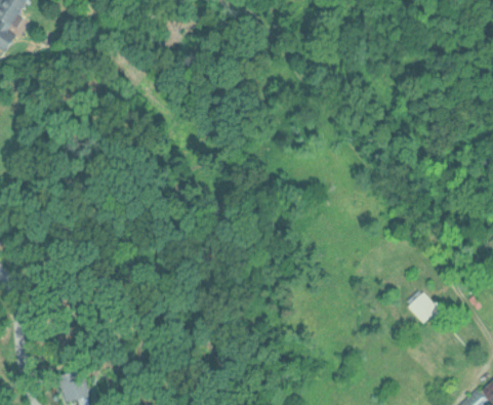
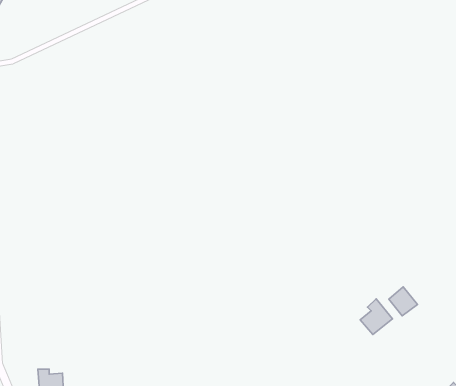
building: none -> [360,299,392,335]

